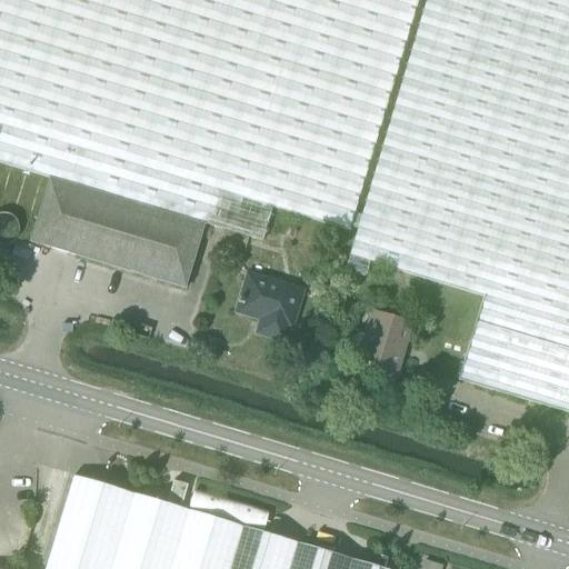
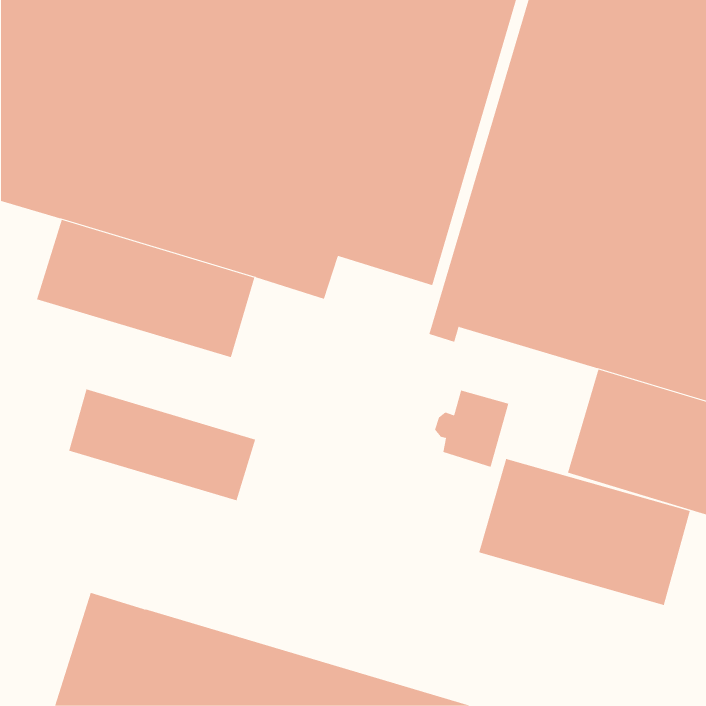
building: [233,271,302,340] -> none
building: none -> [69,389,256,501]
building: none -> [479,458,690,606]

